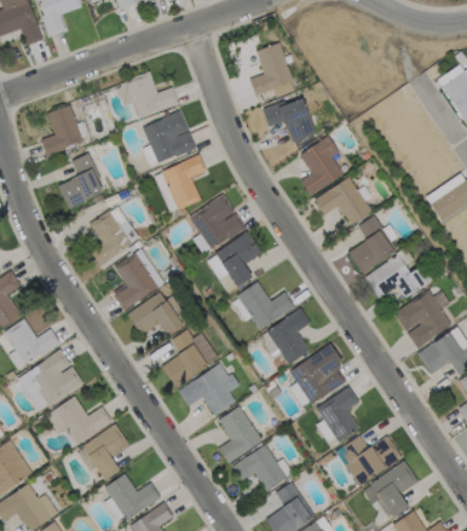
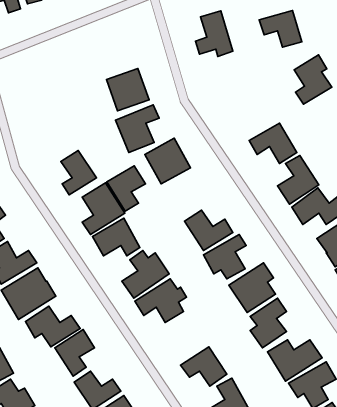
building: [116,74,178,117] -> none
building: [263,97,313,140] -> [259,11,302,47]
building: [40,105,82,155] -> none
building: [299,135,344,195] -> [294,55,332,104]
building: [57,154,104,207] -> none
building: [214,232,260,287] -> [107,166,145,211]
building: [218,405,261,463] -> none

